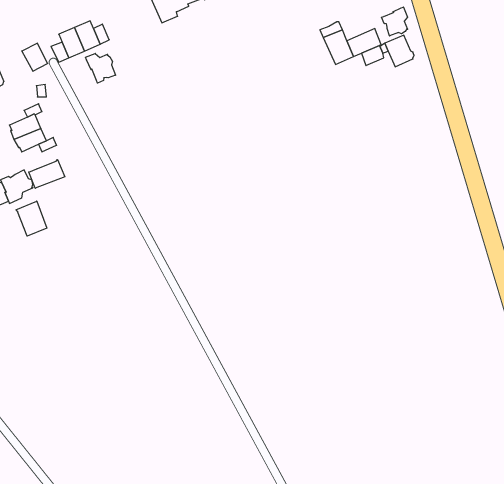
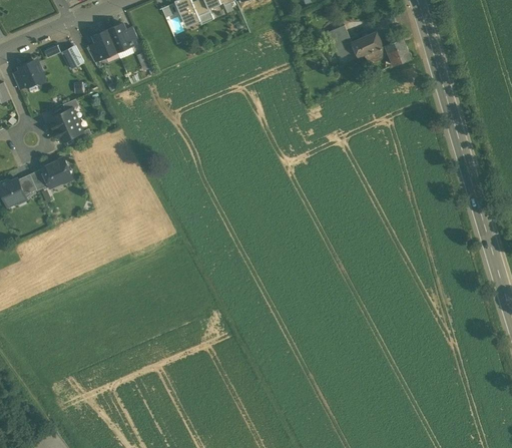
building: [382,7,408,36] -> none
building: [86,53,116,83] -> none
building: [29,160,65,188] -> none
building: [16,201,47,236] -> none

